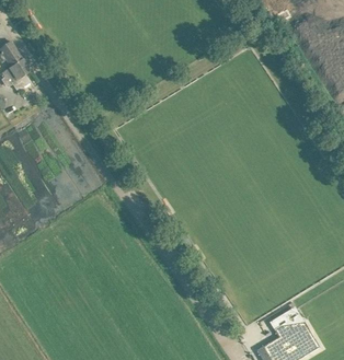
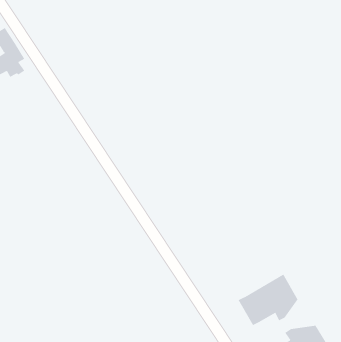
building: none -> [238,273,298,326]

